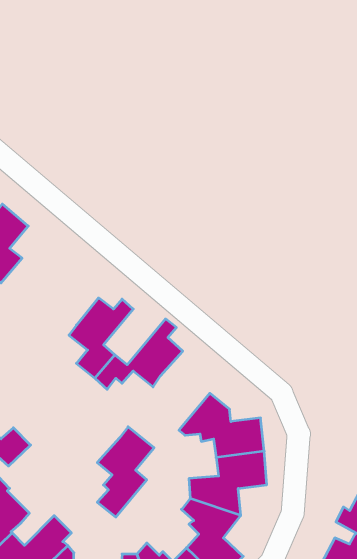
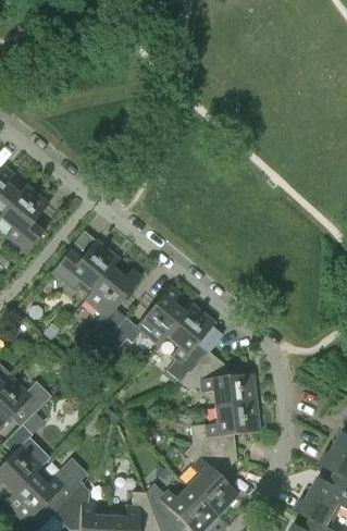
building: none -> [51,239,119,291]
building: [97,427,154,517] -> [165,304,215,383]

